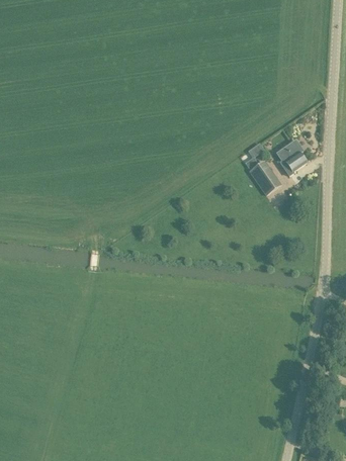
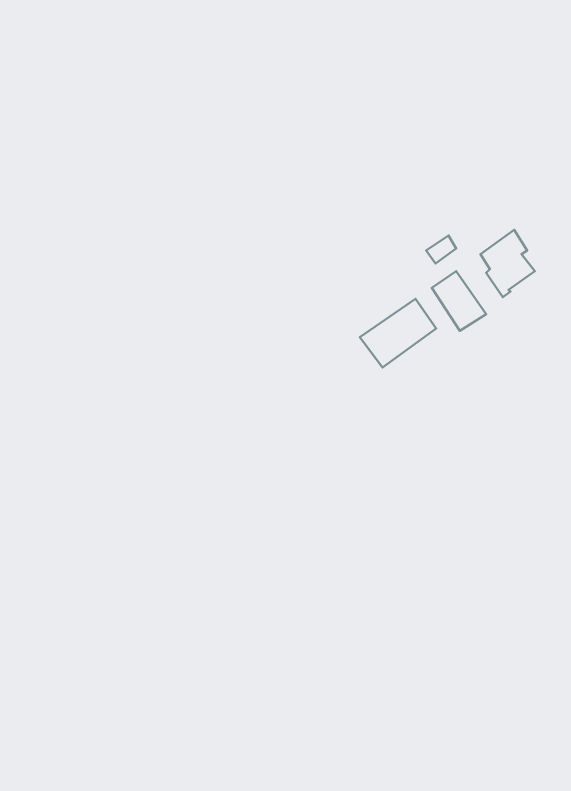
building: none -> [360,299,436,367]

